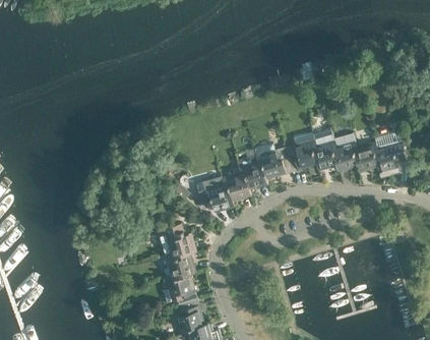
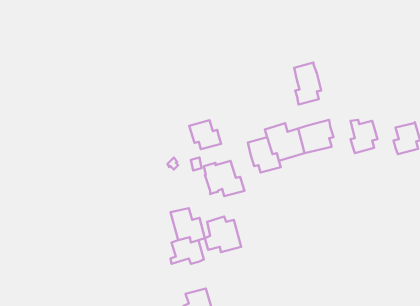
building: [314,130,340,170] -> [294,63,321,104]
building: [356,141,381,172] -> none
building: [222,173,252,201] -> [189,120,221,149]
building: [164,271,198,304] -> [205,217,241,252]

